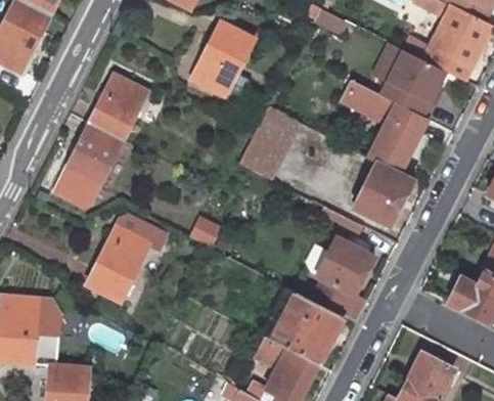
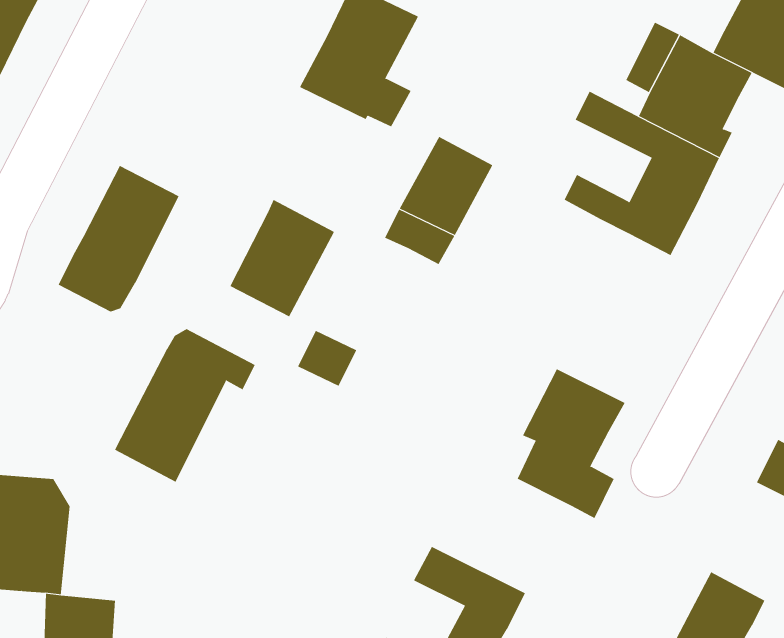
building: [89,74,148,140] -> [230,199,335,317]
building: [353,162,413,226] -> none
building: [271,292,344,364] -> none

